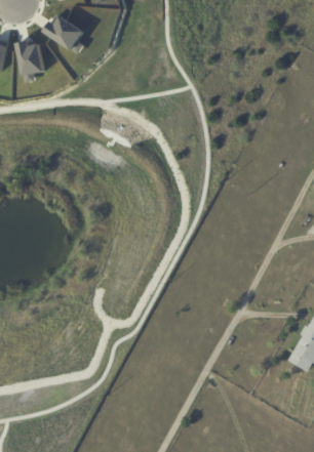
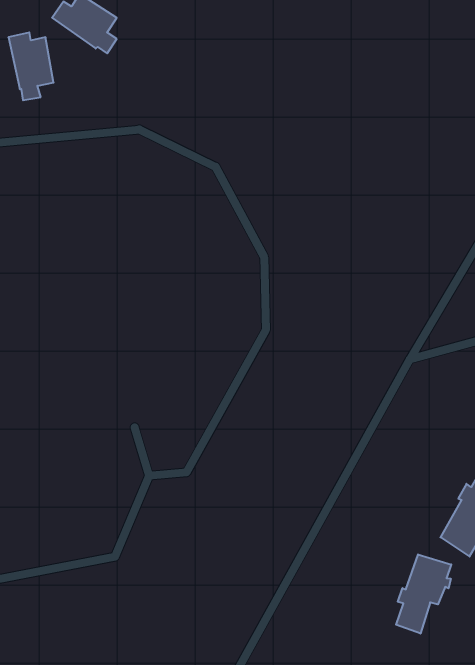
building: none -> [396,554,451,634]

